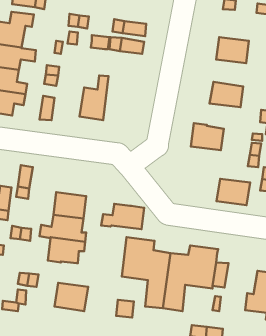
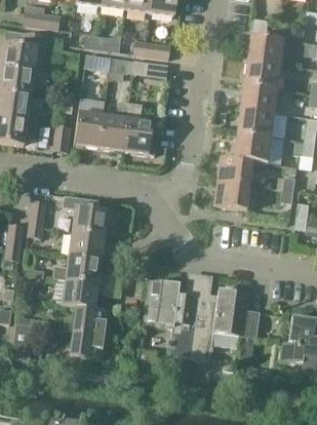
building: none -> [250,34,286,64]
building: none -> [244,84,280,114]
building: none -> [123,103,157,155]
building: none -> [74,112,103,147]
building: none -> [237,132,274,162]
building: none -> [72,205,109,234]
building: [217,179,250,205] -> [215,180,252,208]
building: [101,204,144,229] -> [63,306,110,334]

